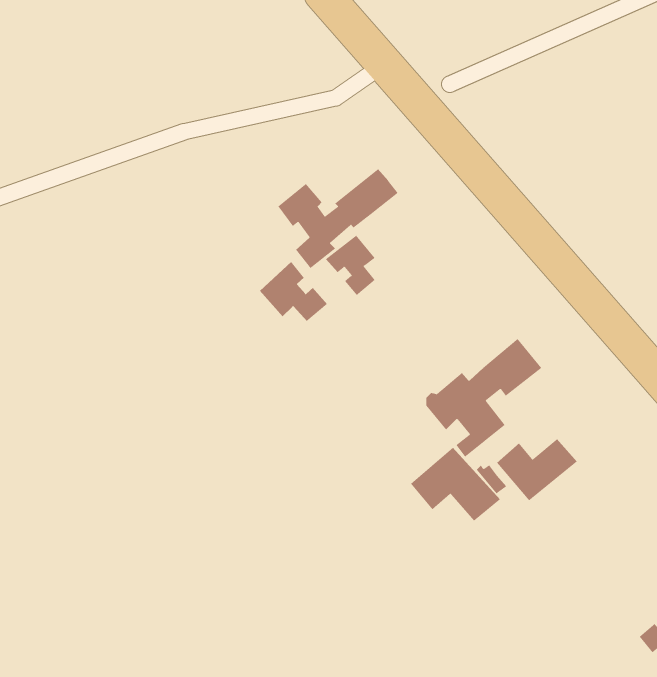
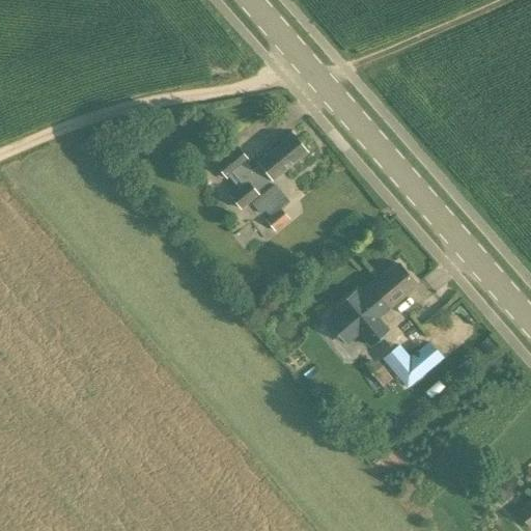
building: [259,261,328,322] -> none
building: [410,447,501,521] -> none

